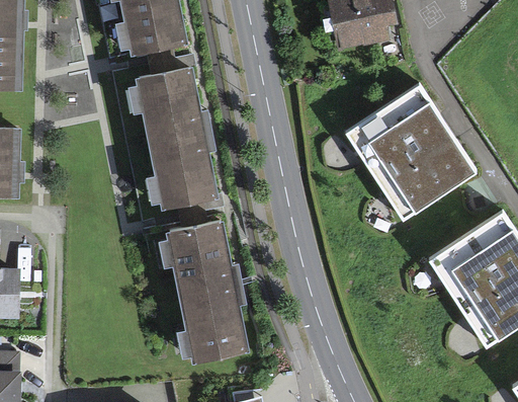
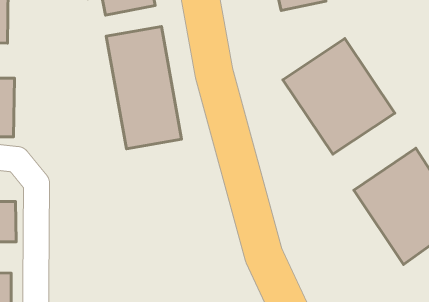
building: [164,222,255,364] -> none

